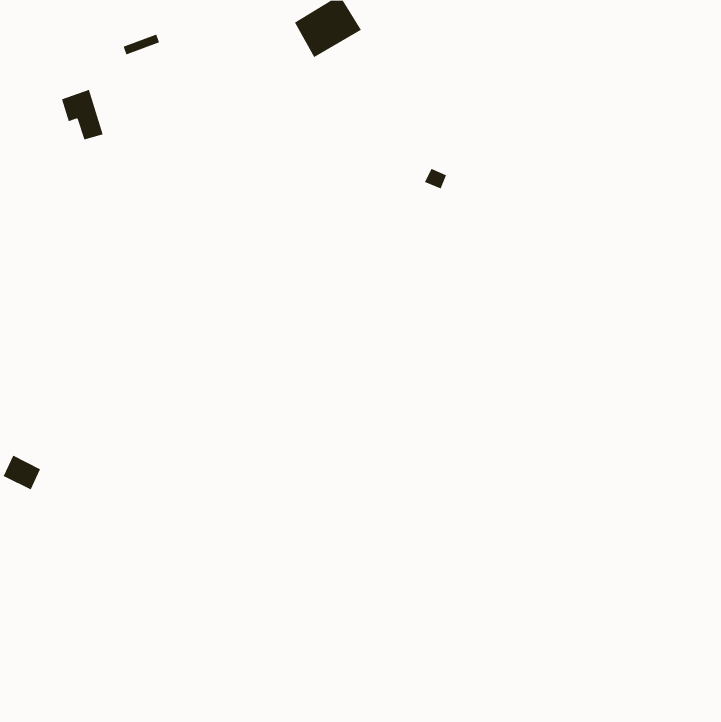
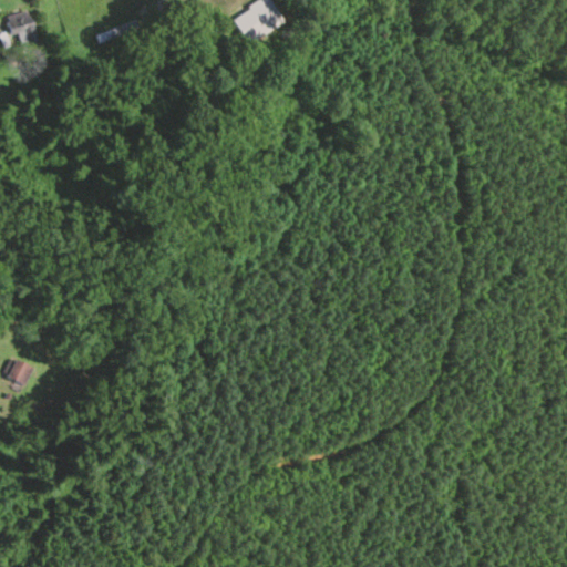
building: [61,89,104,140] -> [7,10,40,50]

